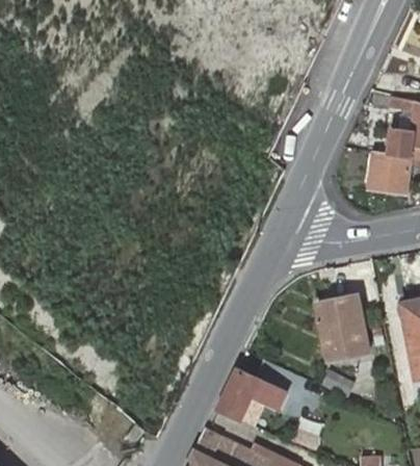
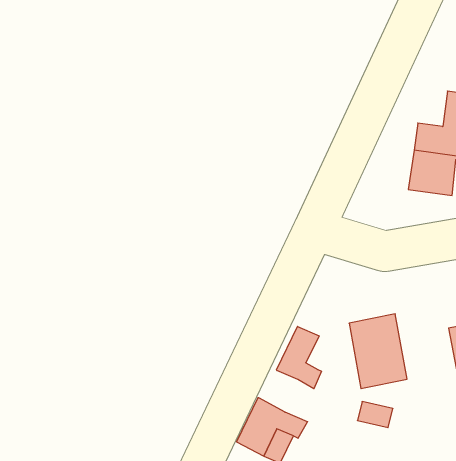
building: none -> [276,326,321,389]

